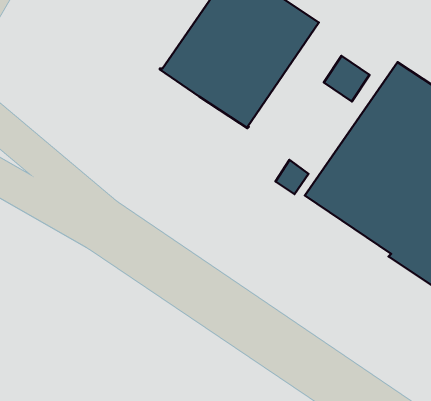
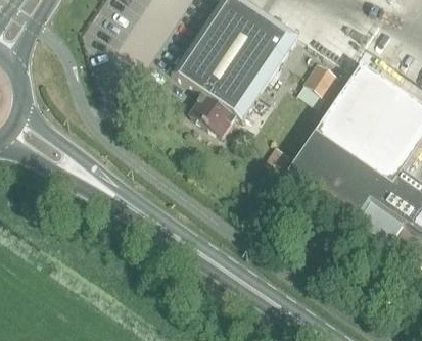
building: none -> [188,93,234,135]

